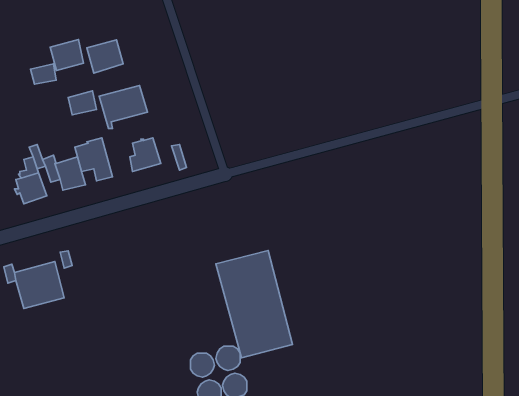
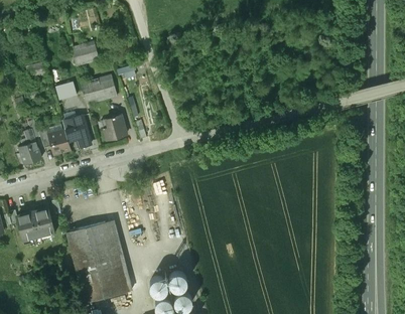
building: [50,39,84,71] -> none
building: [216,250,292,358] -> [65,221,123,302]

